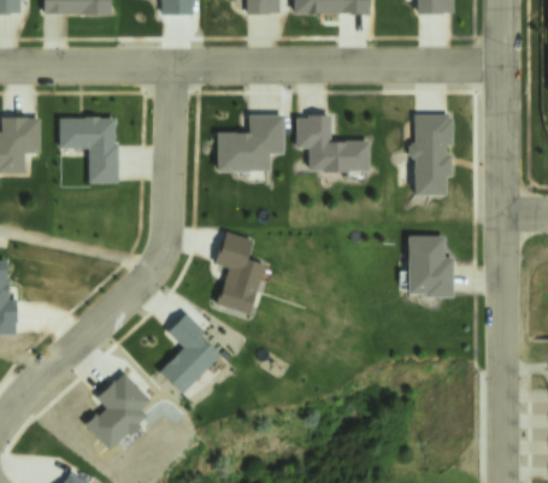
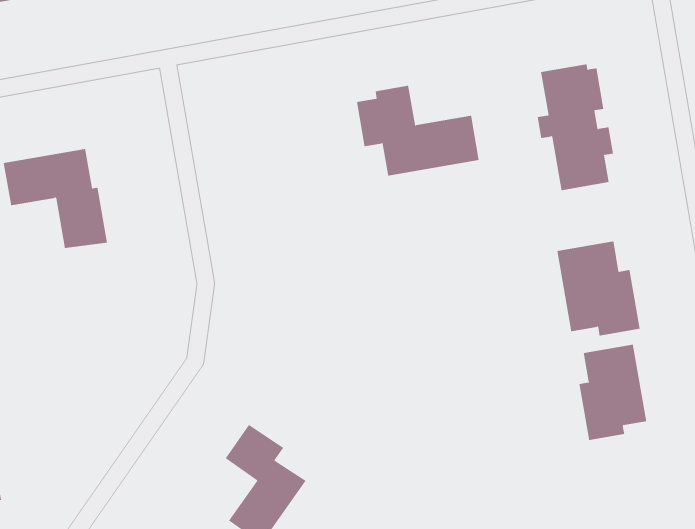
building: [216,112,283,167] -> none
building: [216,232,267,318] -> none
building: none -> [579,344,647,441]

